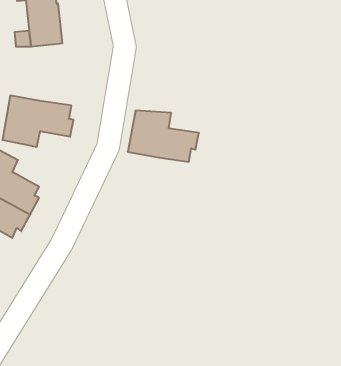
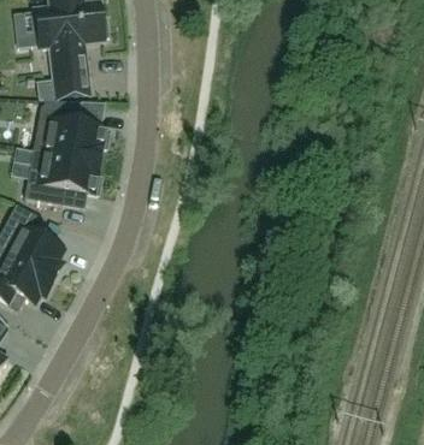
building: [128,111,199,162] -> [33,103,110,159]

